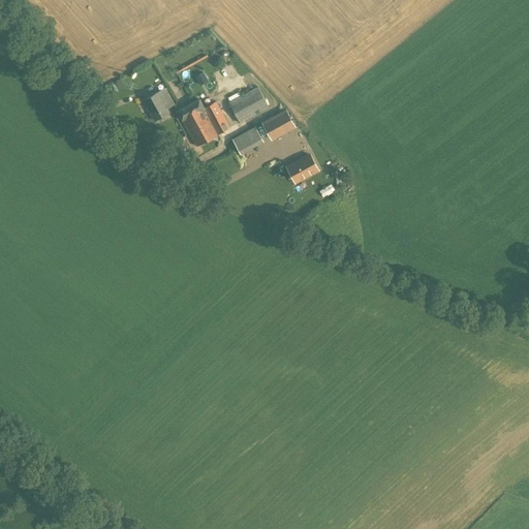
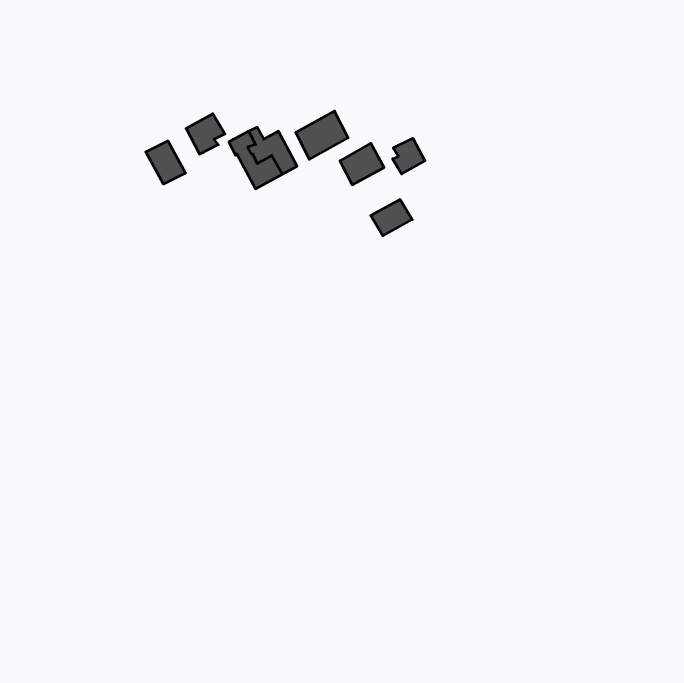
building: none -> [393,138,425,174]
building: none -> [146,141,185,184]
building: [232,126,262,151] -> none

